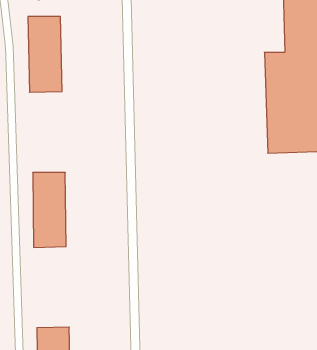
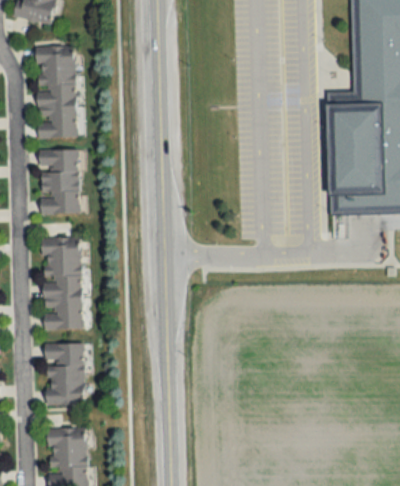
building: none -> [39,149,81,215]
building: none -> [45,343,86,405]

